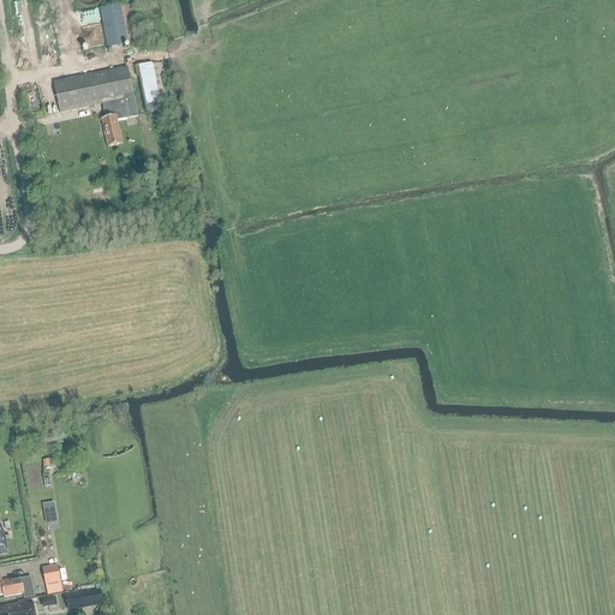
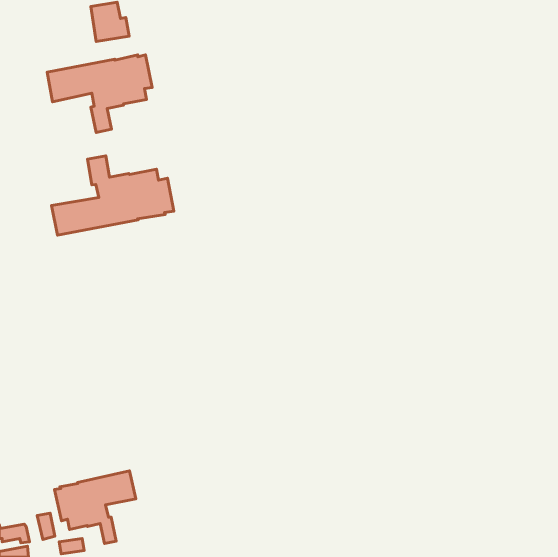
building: none -> [52,156,174,235]
building: none -> [55,471,136,544]

